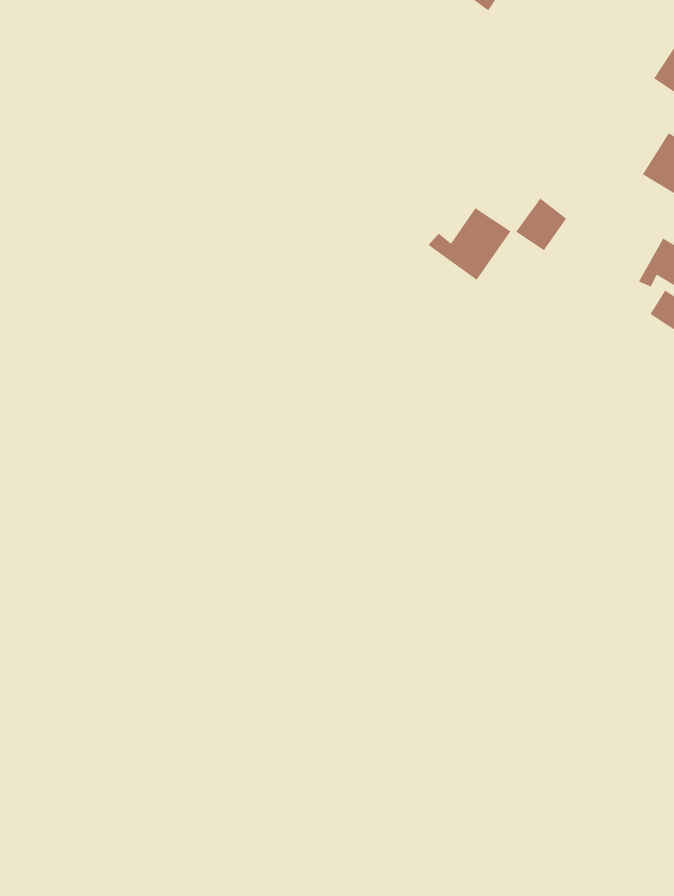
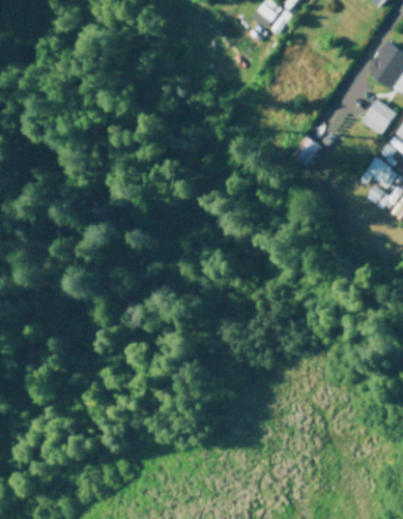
building: [428,207,512,281] -> none

